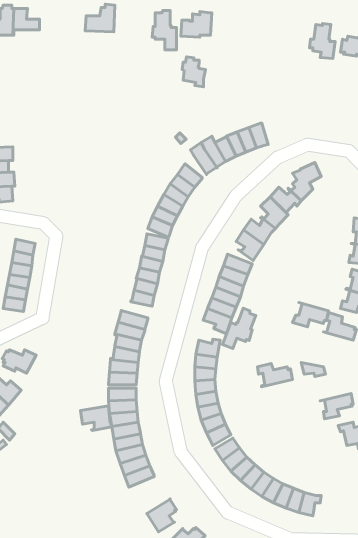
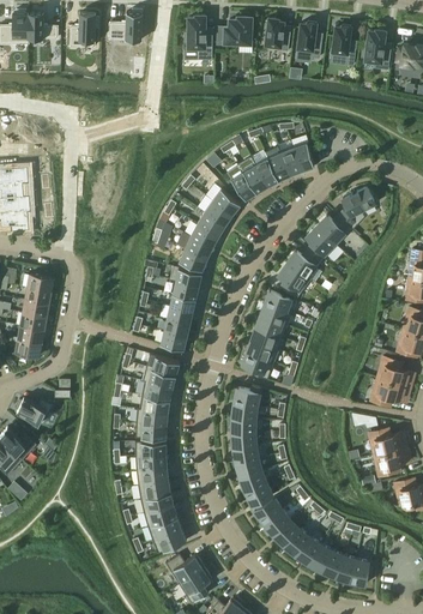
building: none -> [68,12,98,47]
building: none -> [296,22,321,58]
building: none -> [331,23,355,62]
building: [182,57,206,87] -> [264,18,290,52]
building: [292,302,329,327] -> [369,378,410,405]
building: [222,308,256,348] -> none
building: [257,364,292,387] -> [368,429,407,456]
building: [81,406,112,430] -> none
building: none -> [164,554,204,583]

